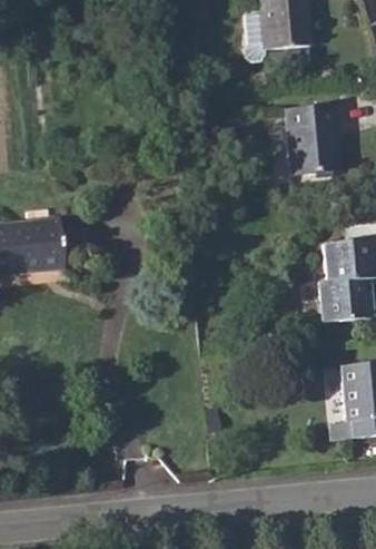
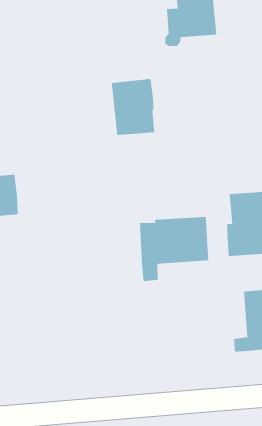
building: [284,102,338,174] -> [111,78,155,136]
building: none -> [139,216,209,282]

